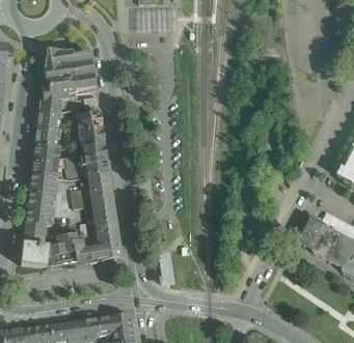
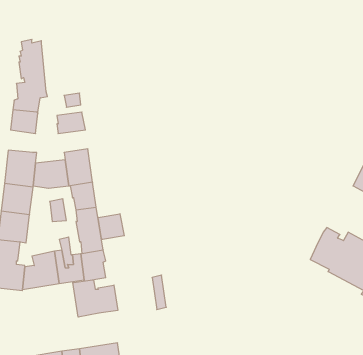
building: [63,51,94,94] -> none
building: [34,127,58,147] -> none
building: [78,127,104,147] -> none
building: none -> [98,214,124,239]
building: none -> [73,280,118,317]

